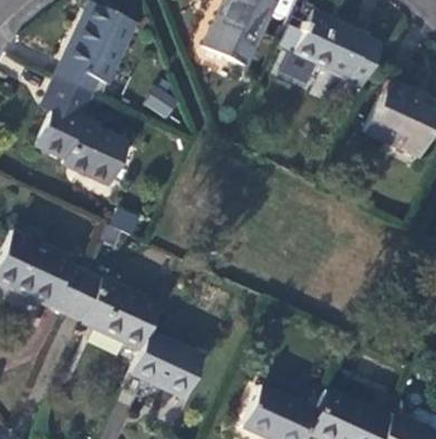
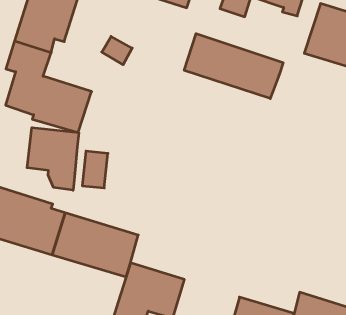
building: none -> [184,34,283,99]
building: none -> [27,128,79,190]

